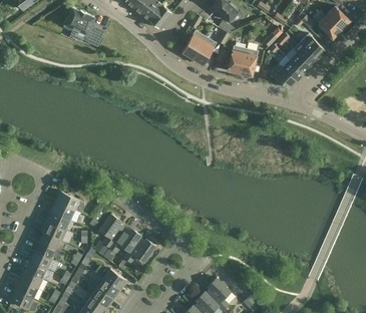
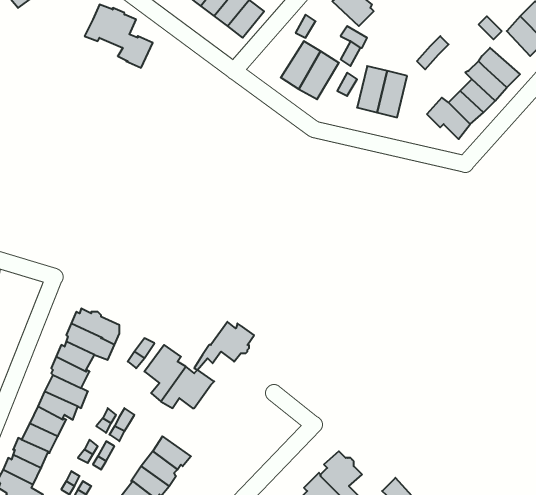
building: [118,238,154,267] -> [194,322,254,370]

